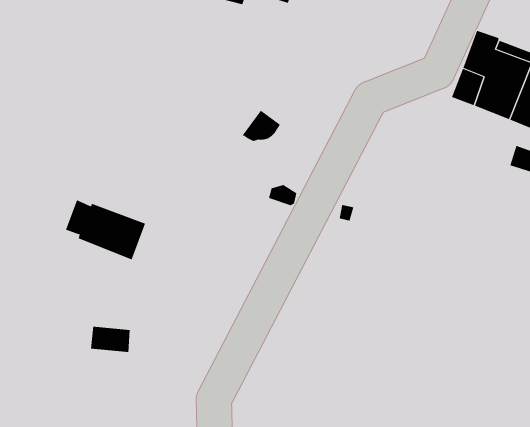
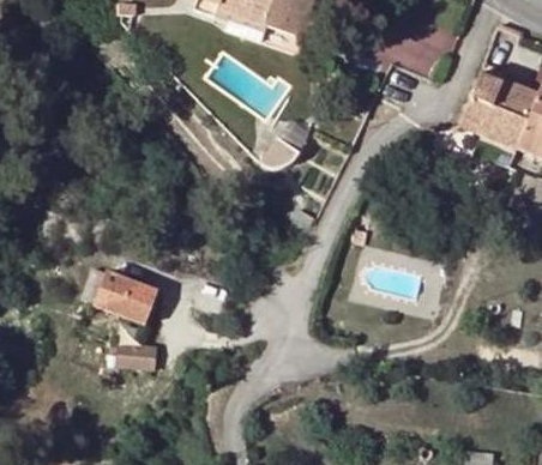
building: [65,199,146,260] -> [83,267,159,325]

